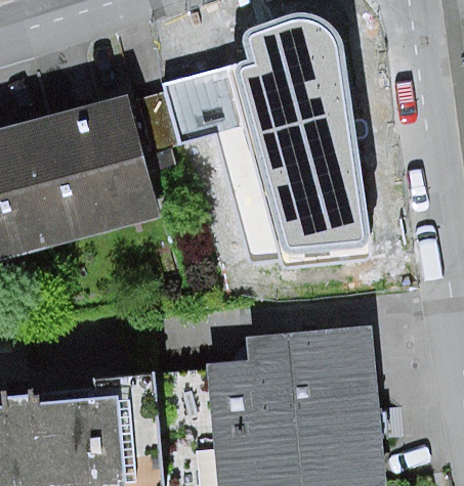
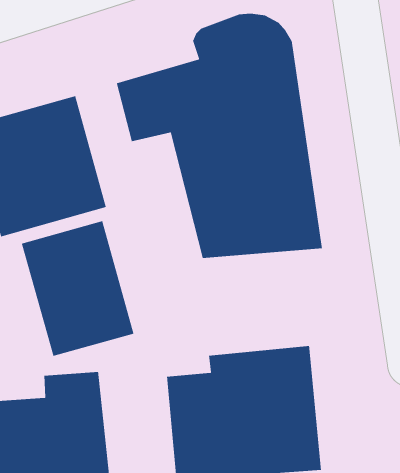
building: none -> [21,220,134,357]

